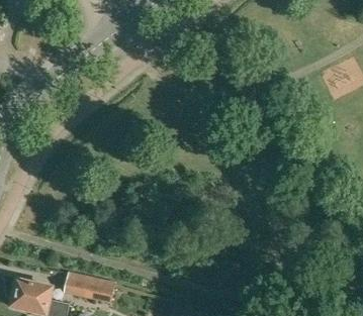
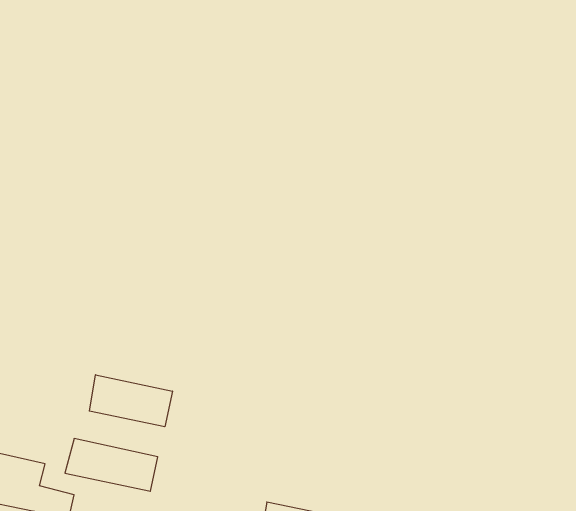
building: none -> [89,375,172,427]

